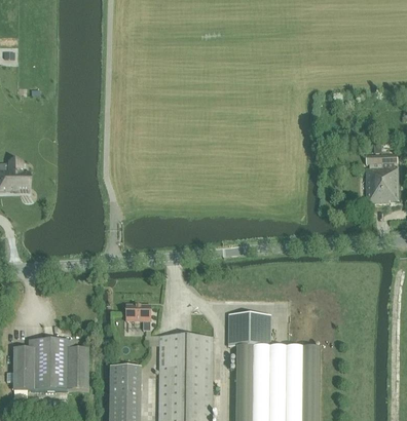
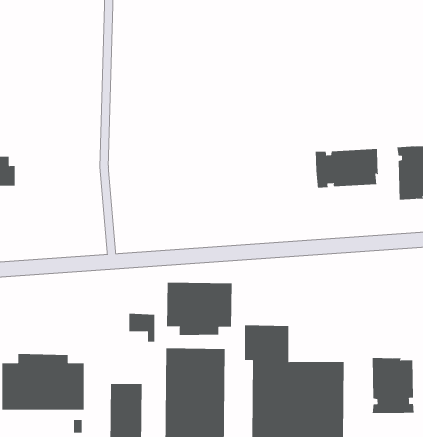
building: none -> [315,148,379,189]
building: none -> [167,282,232,336]
building: none -> [372,357,414,414]

